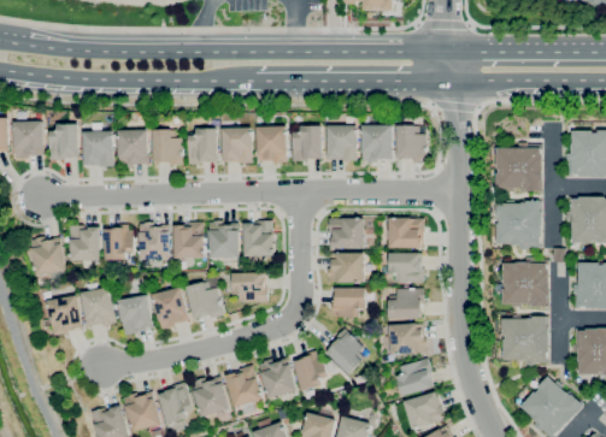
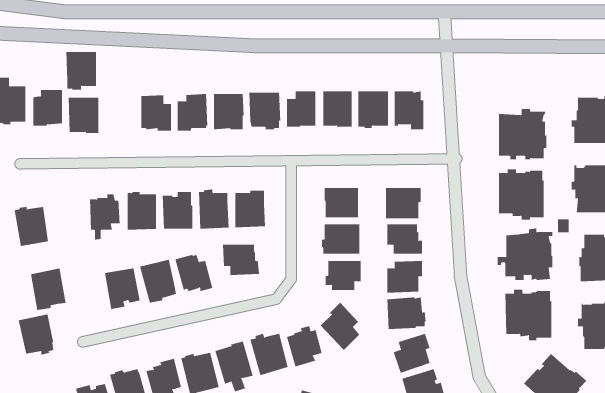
building: [118,131,148,169] -> [65,51,97,90]
building: [63,226,99,271] -> none
building: [81,288,116,327] -> [18,314,54,355]

